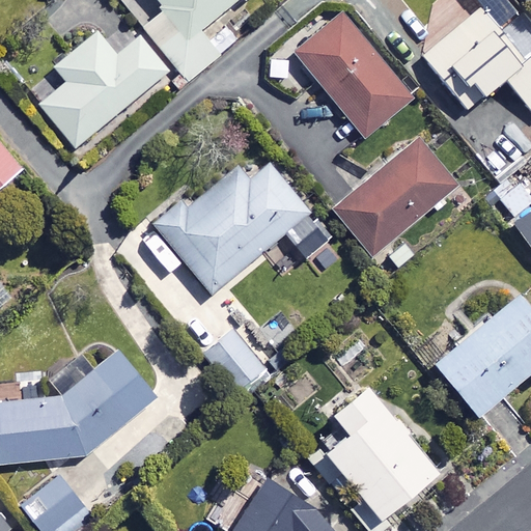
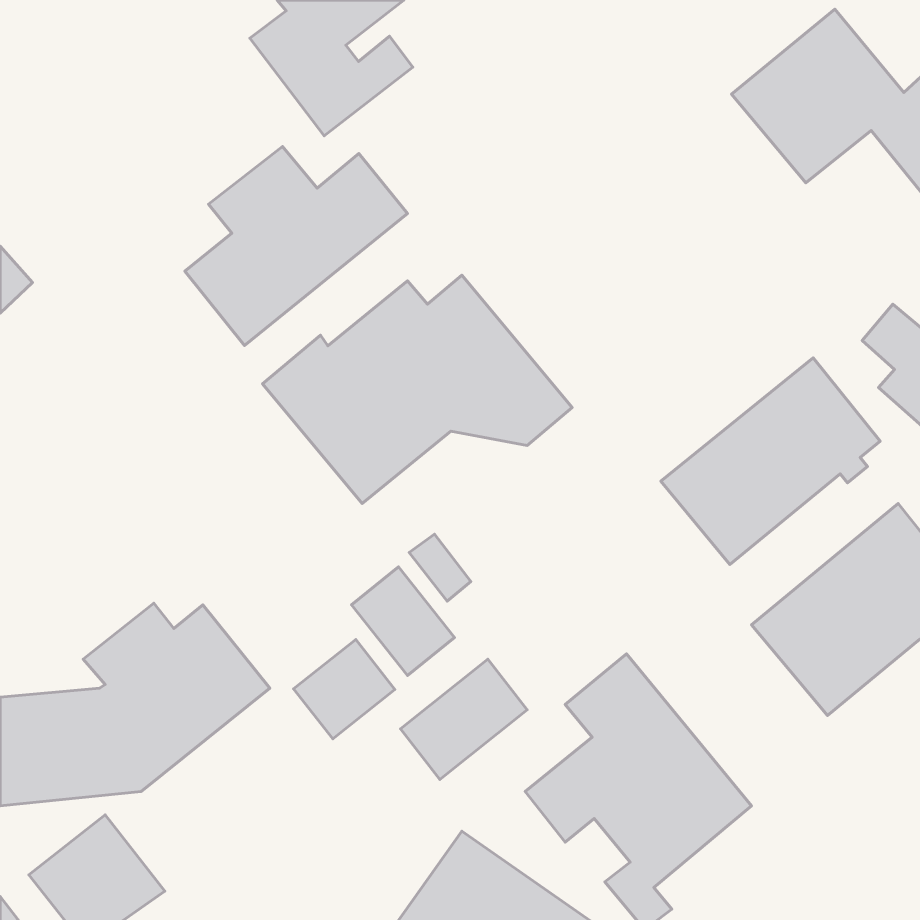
building: [294,15,412,139] -> none
building: [40,34,168,148] -> [185,146,408,346]
building: [332,138,457,256] -> [661,358,880,564]
building: none -> [294,640,395,739]
building: none -> [400,659,527,779]

